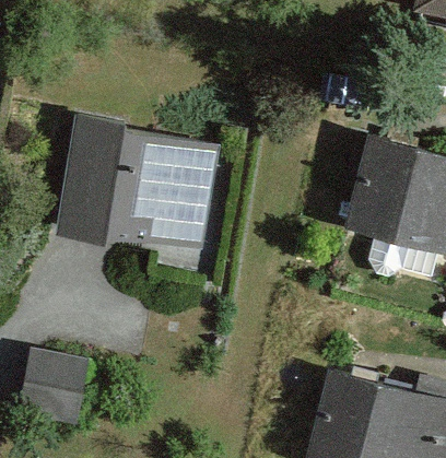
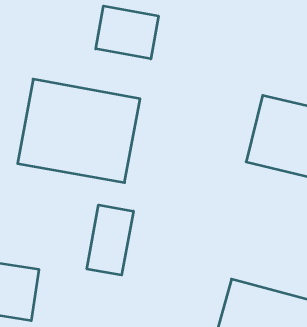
building: none -> [96,6,158,59]
building: none -> [87,205,133,275]

